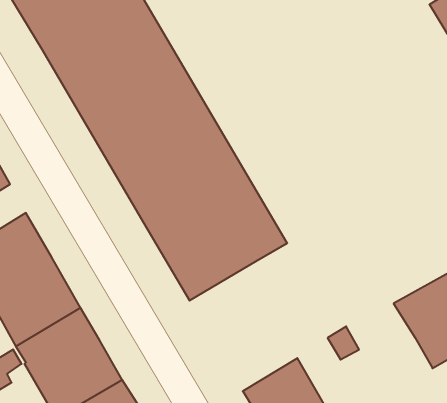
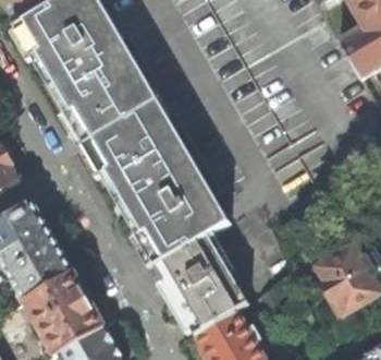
building: none -> [156,235,247,334]

